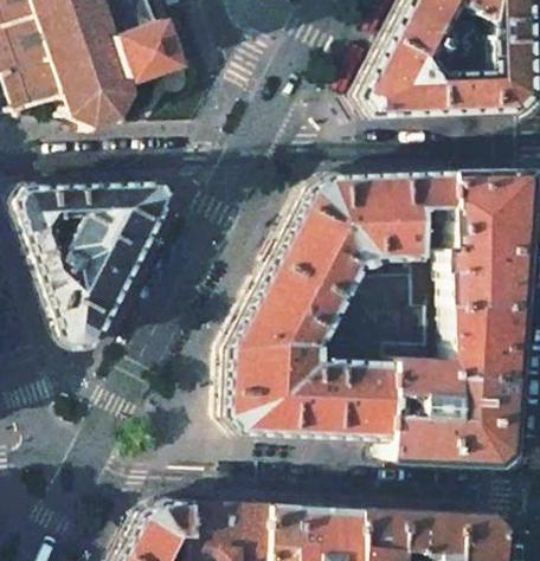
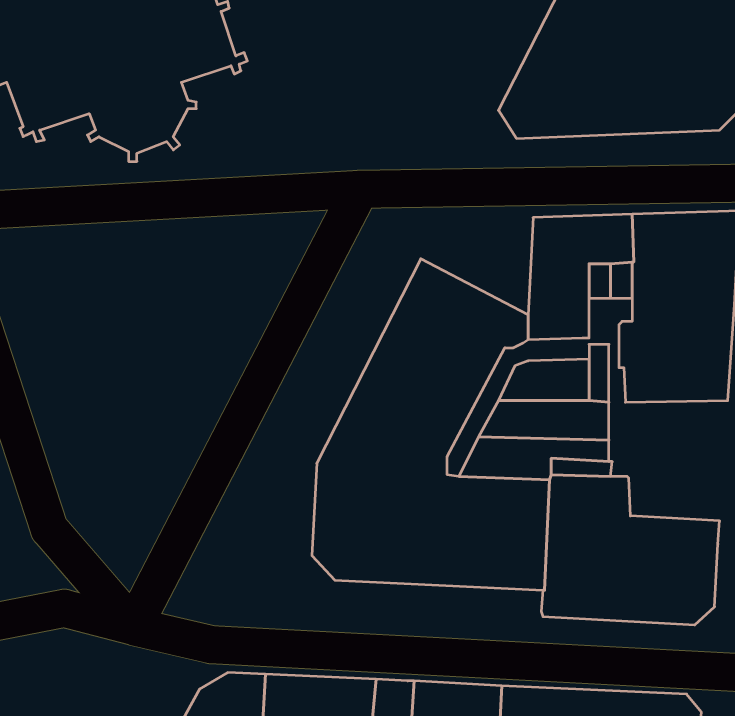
building: [303,174,384,244] -> none
building: [20,182,175,349] -> none
building: [450,305,523,392] -> none

